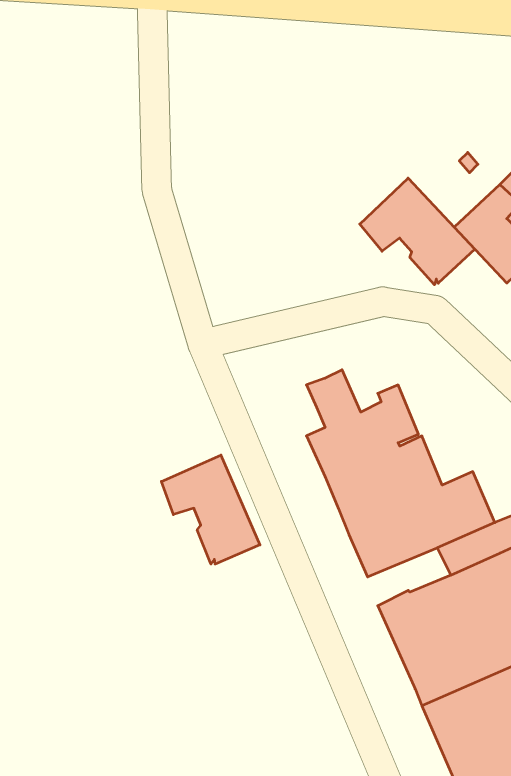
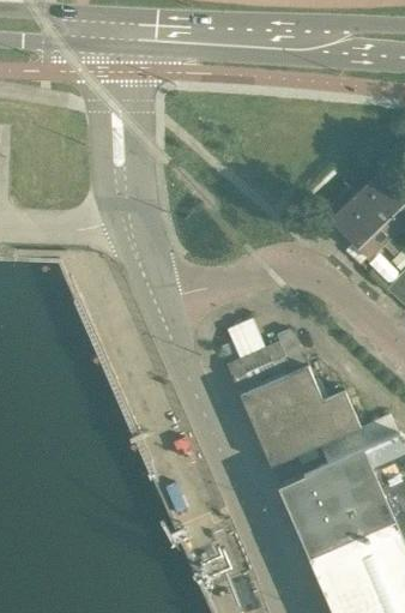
building: [360,178,475,285] -> none
building: [161,455,260,564] -> none

